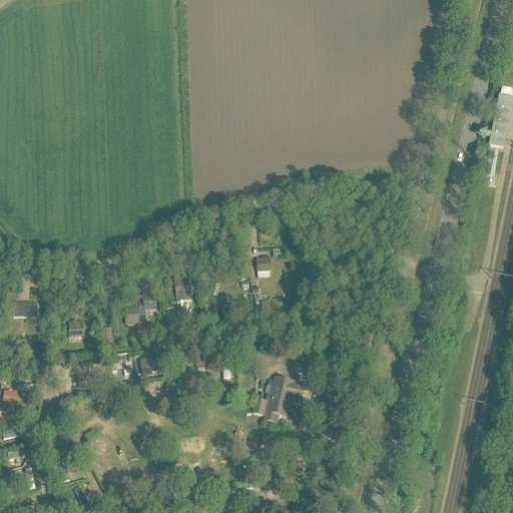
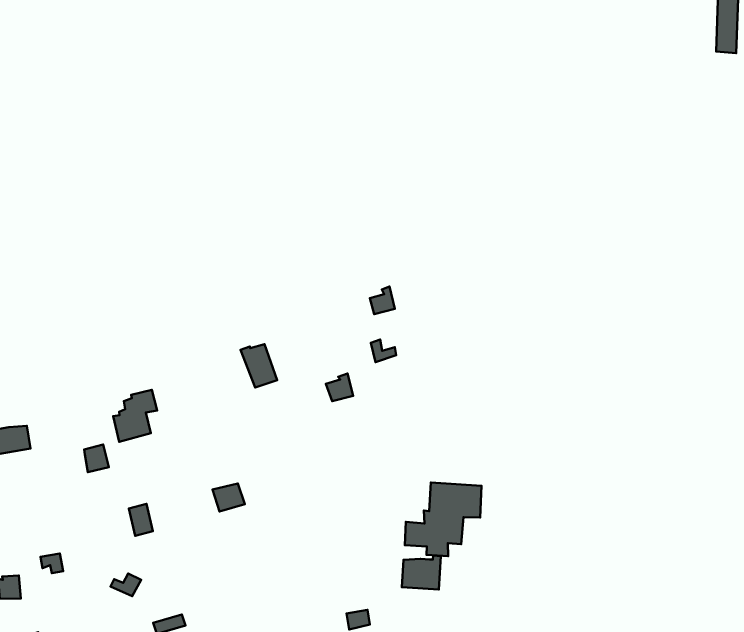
building: [125,297,152,325] -> [113,390,157,442]
building: none -> [402,556,441,590]

